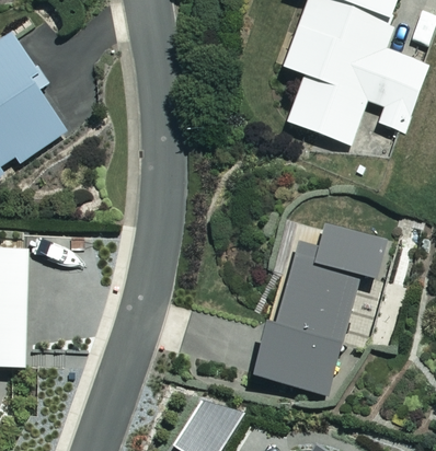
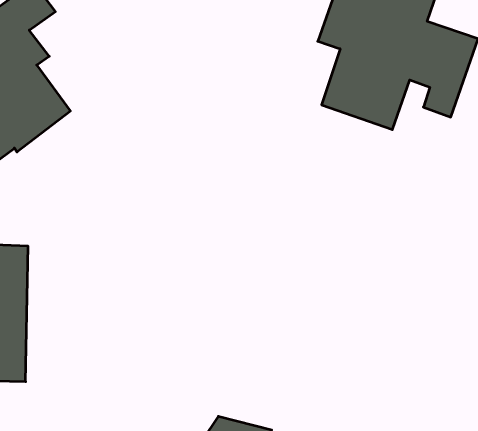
building: [253,227,388,396] -> none

